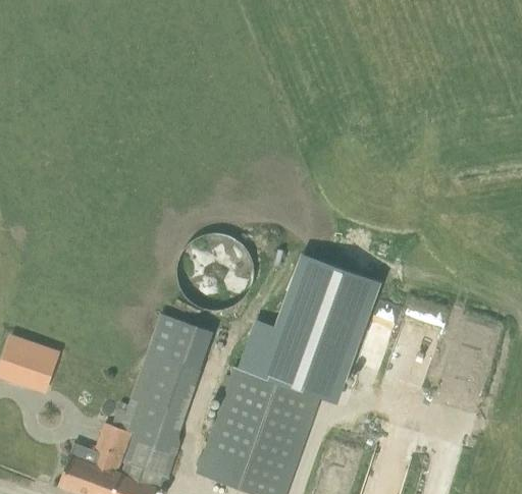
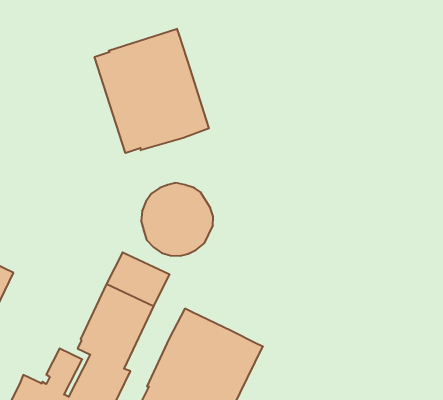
building: none -> [95,29,209,153]
building: [243,255,379,396] -> none

